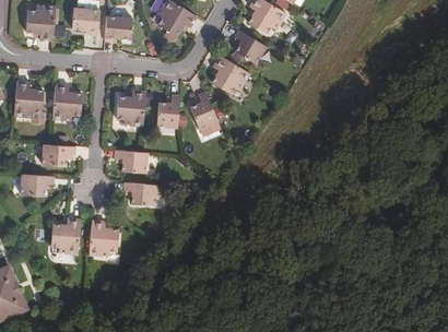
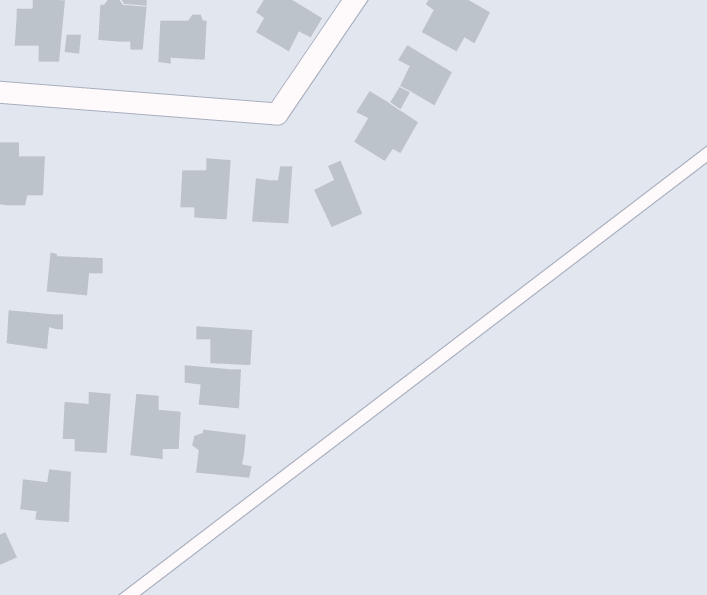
building: [51,85,80,120] -> none
building: [115,150,146,174] -> [184,365,242,409]
building: none -> [192,429,252,478]
building: none -> [20,468,71,523]

